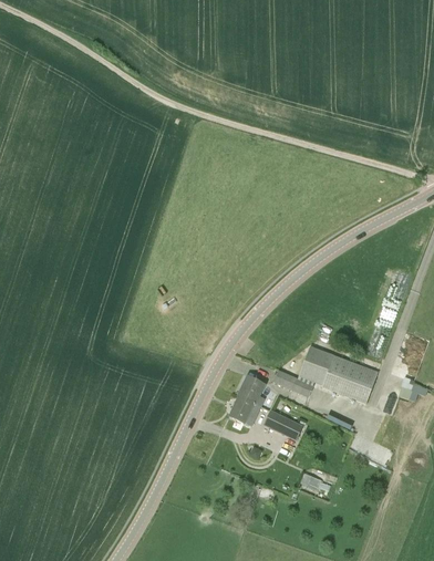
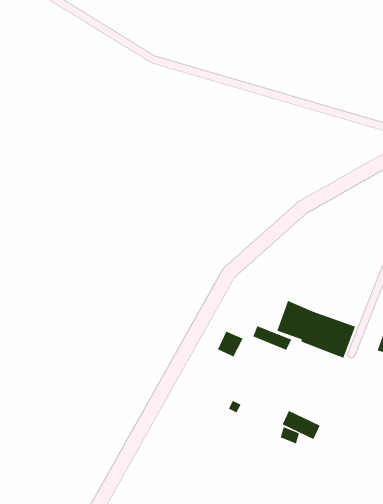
building: [229,394,260,425] -> none
building: [264,409,302,439] -> [282,410,320,440]

